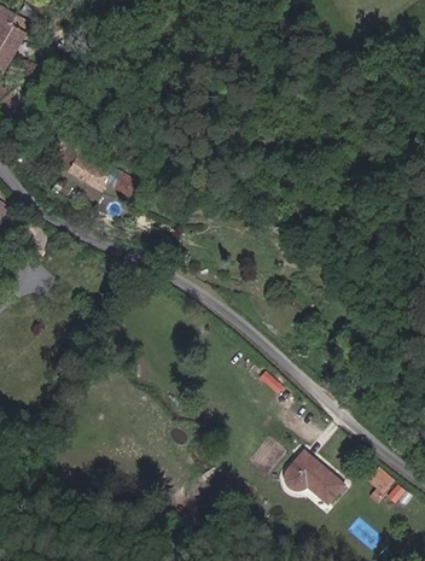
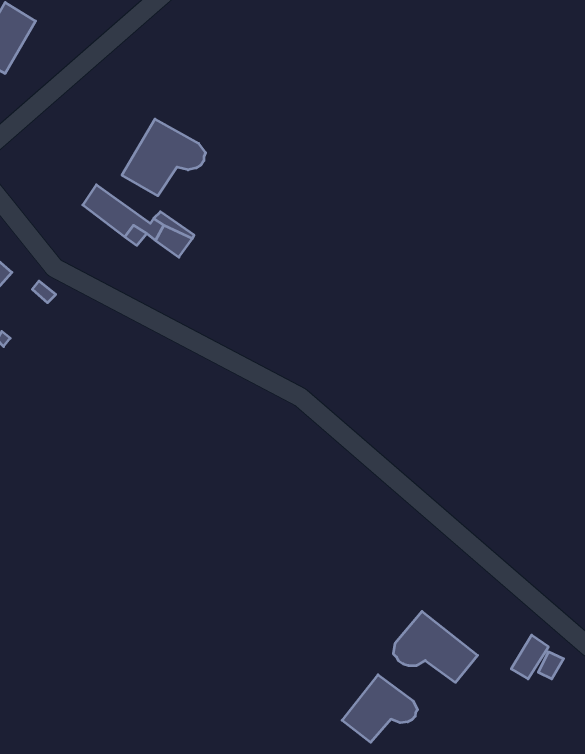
building: none -> [122,119,206,196]
building: none -> [342,675,418,742]

